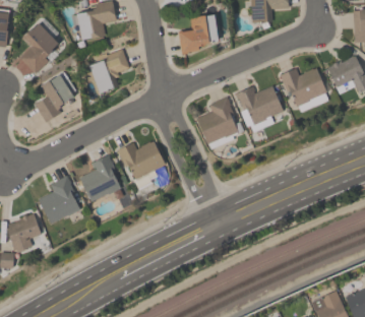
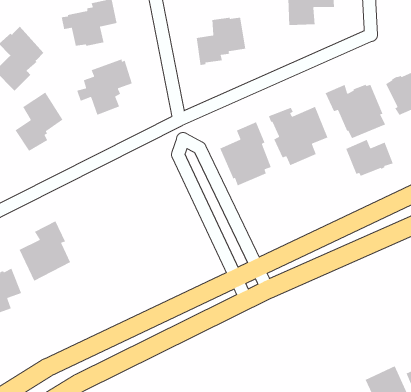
building: none -> [345,139,394,177]
building: [117,141,165,190] -> none
building: [78,154,120,202] -> none

